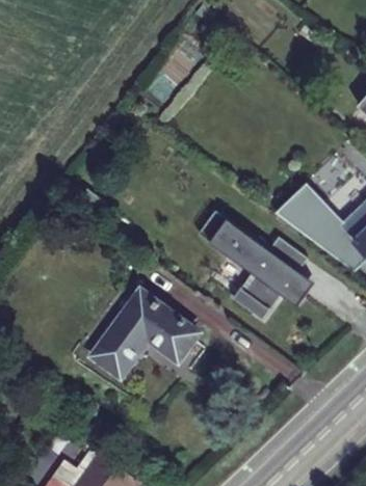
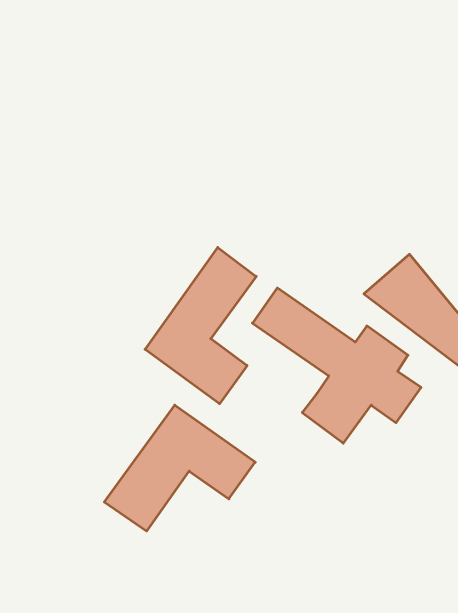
building: none -> [145,247,256,404]

